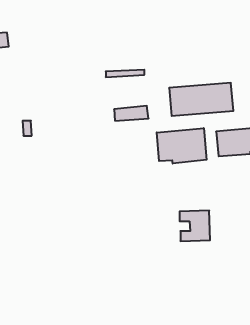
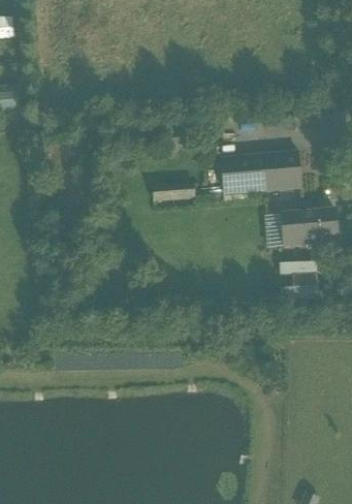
building: [157,128,207,164] -> none
building: [180,211,210,241] -> [277,260,315,298]

